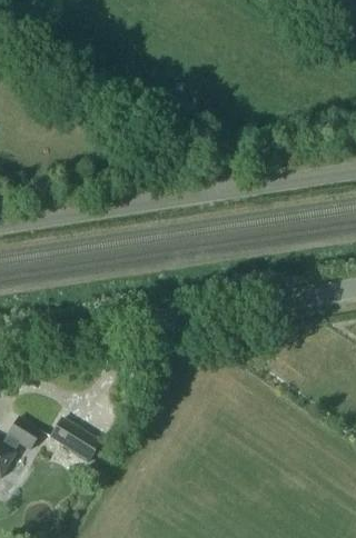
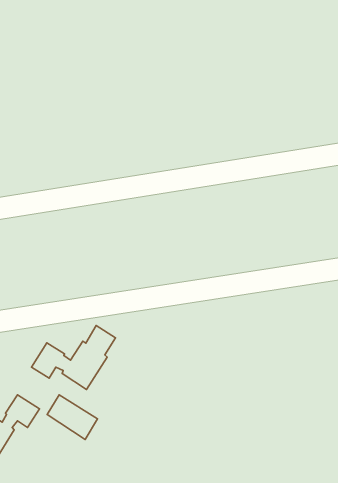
building: none -> [32,325,116,389]

